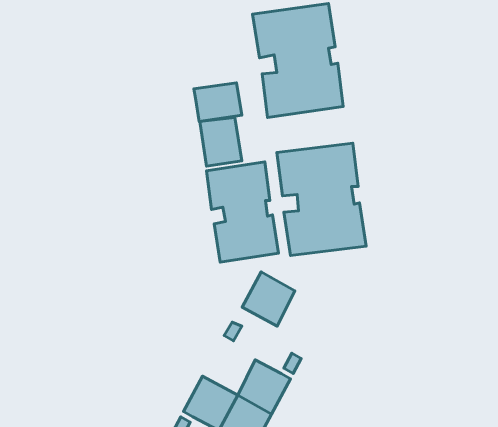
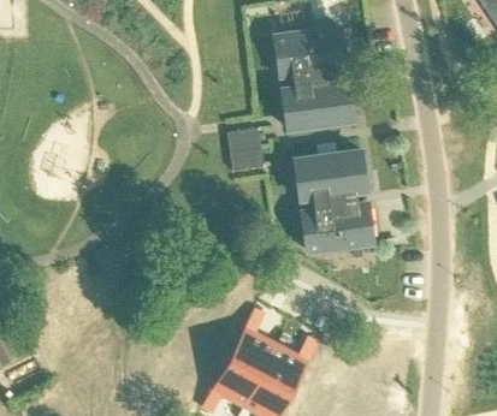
building: [194,83,242,121] -> none
building: [207,162,278,262] -> none
building: [242,272,295,326] -> [229,326,276,374]

